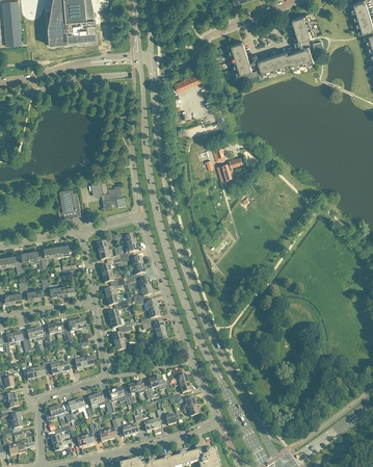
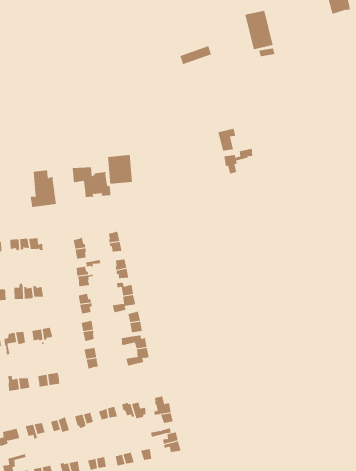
building: [258,46,315,76] -> none
building: none -> [107,154,132,185]

